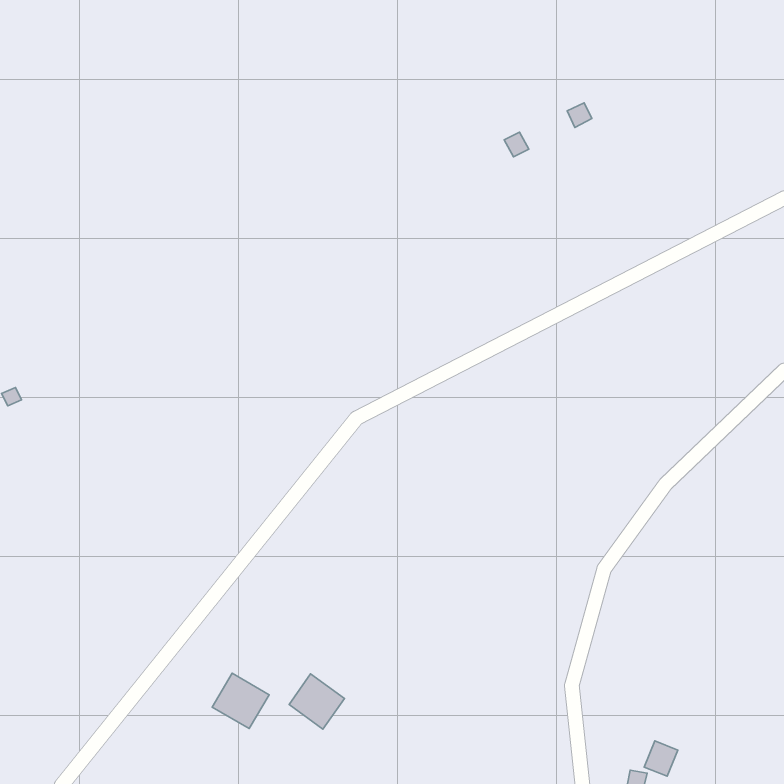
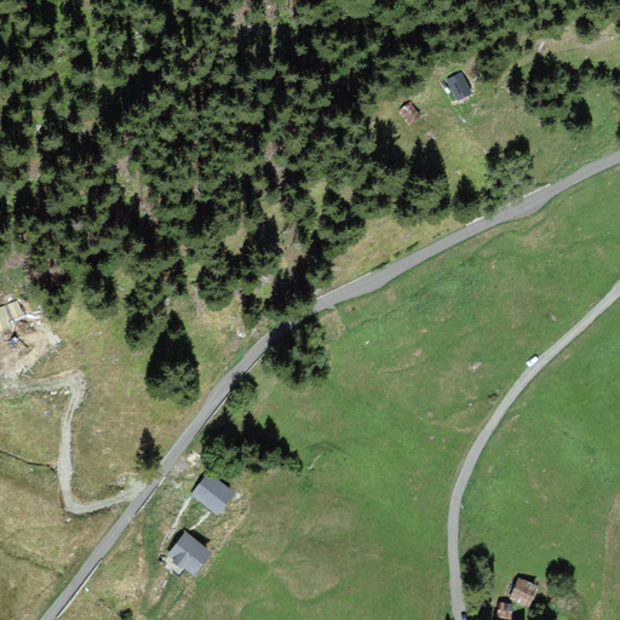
building: [289,674,344,729] -> [191,470,235,513]

